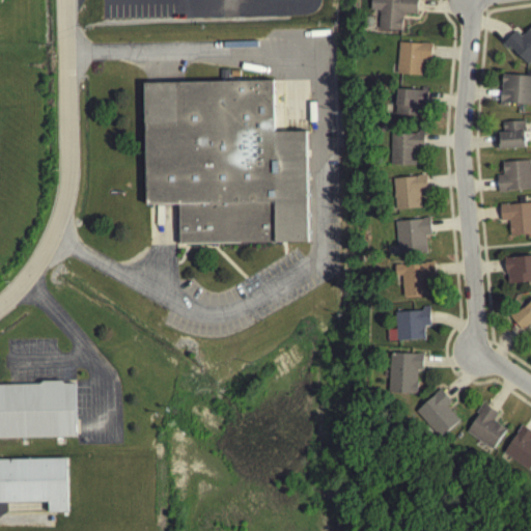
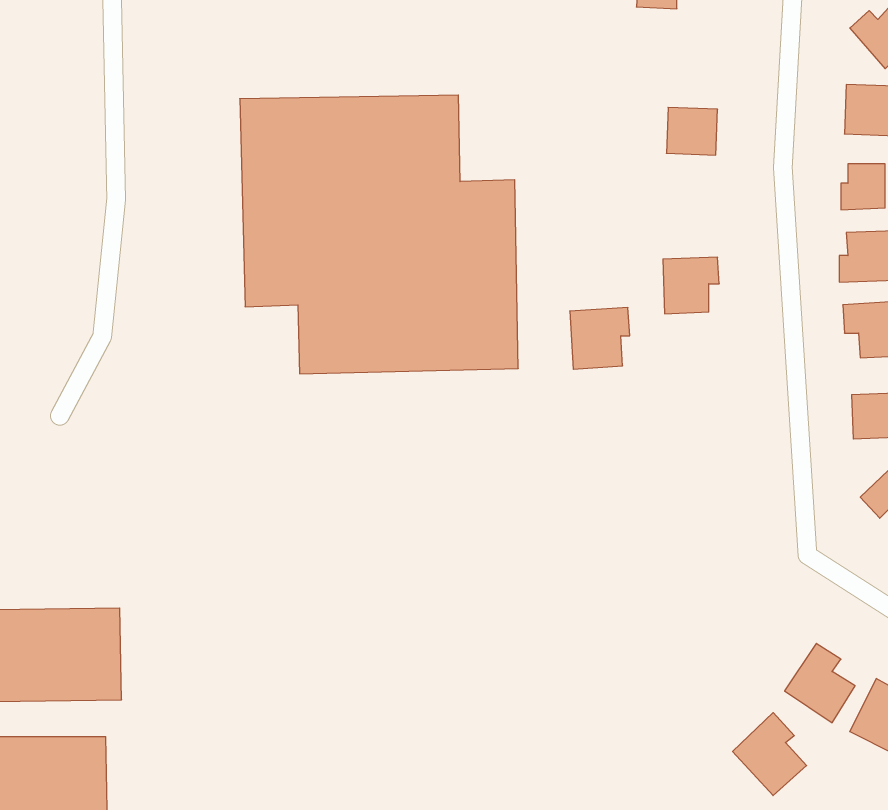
building: [397,43,431,75] -> none
building: [391,132,425,165] -> none
building: [396,219,431,255] -> [570,308,630,369]
building: [401,261,436,298] -> none
building: [389,309,430,341] -> none
building: [389,354,423,394] -> none
building: [417,389,460,438] -> [733,713,807,796]

